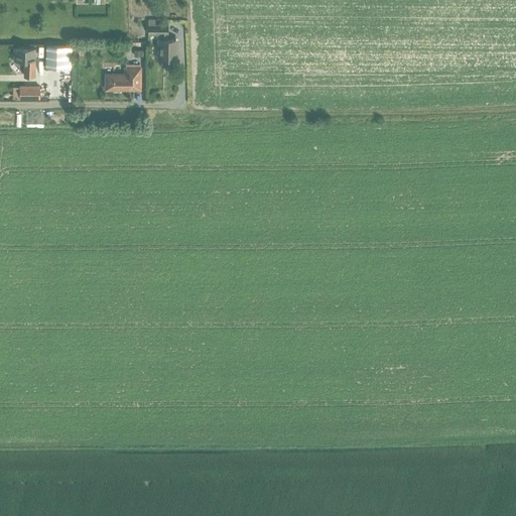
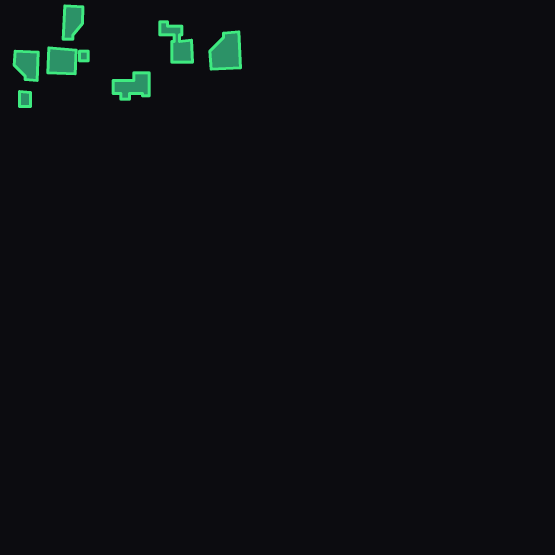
building: none -> [63,6,83,39]
building: none -> [210,32,240,69]

